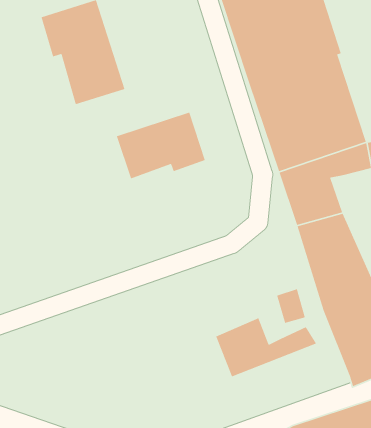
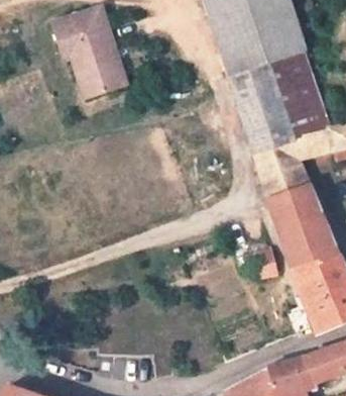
building: [116,111,206,179] -> none
building: [215,317,317,377] -> none

